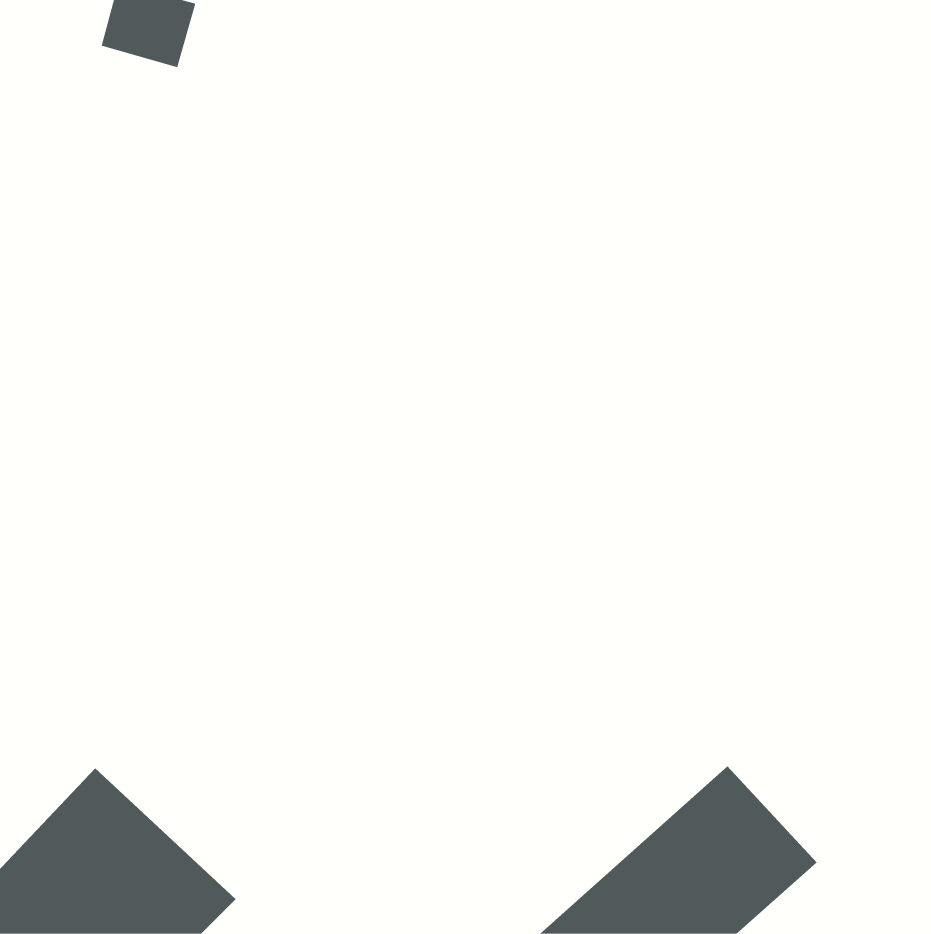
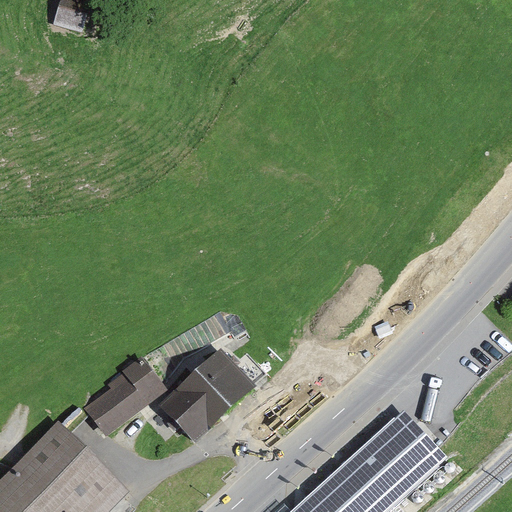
building: none -> [157,347,263,442]
building: none -> [82,359,162,435]

